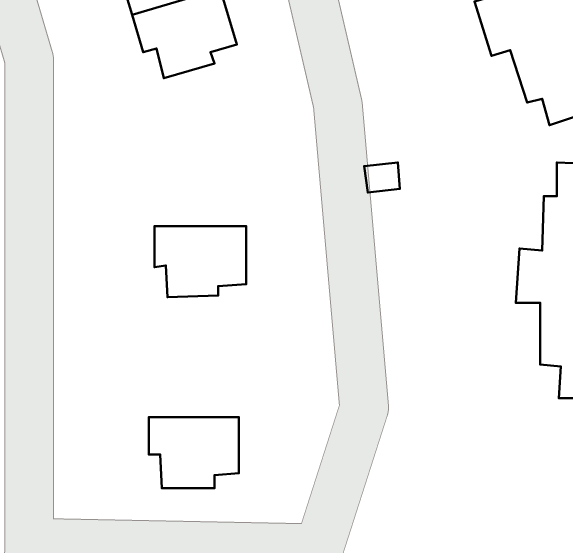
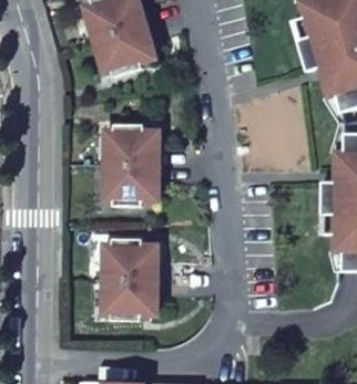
building: none -> [105,125,161,167]
building: none -> [103,236,156,280]

